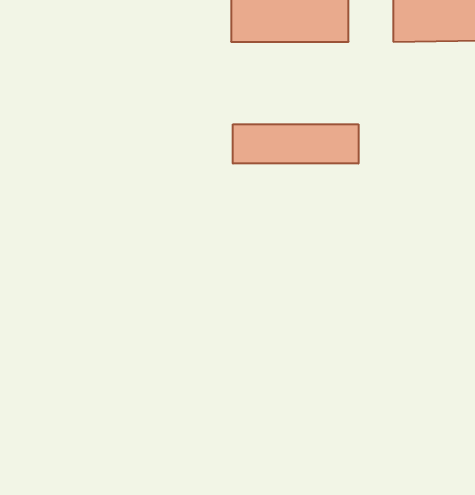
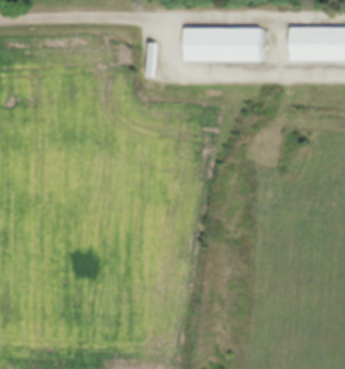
building: [233,124,358,164] -> none

